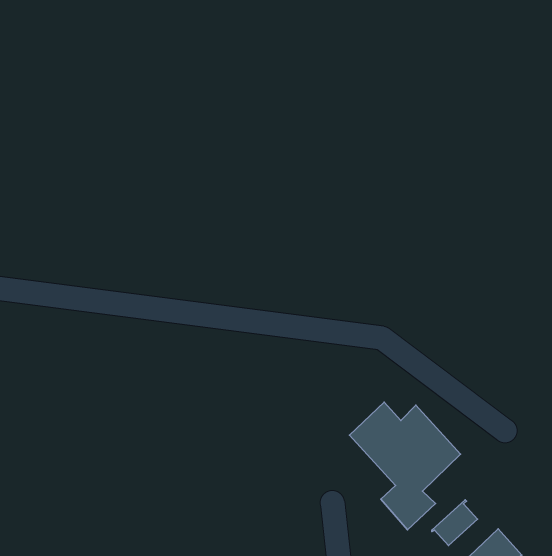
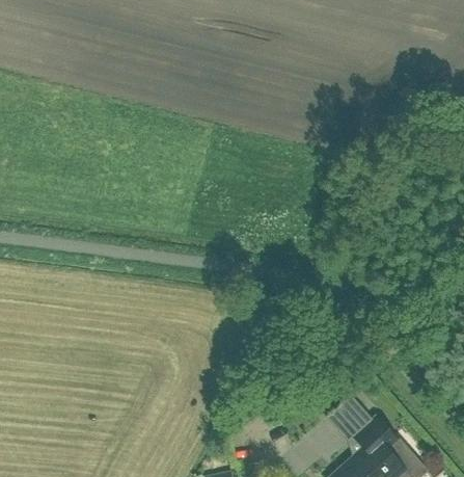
building: [349,402,461,530] -> none

